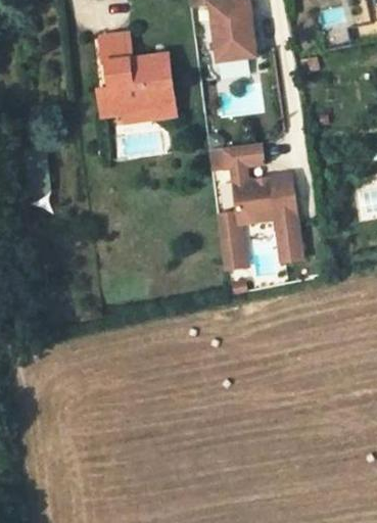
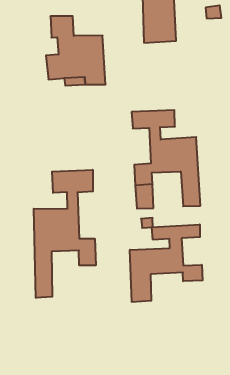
building: none -> [34,170,96,298]
building: none -> [130,224,203,302]

